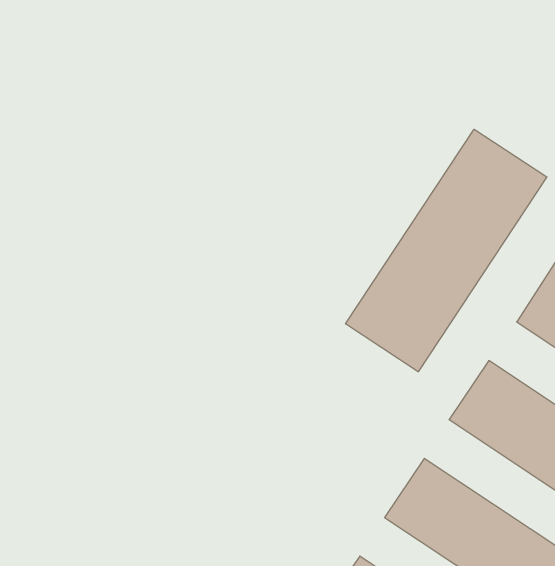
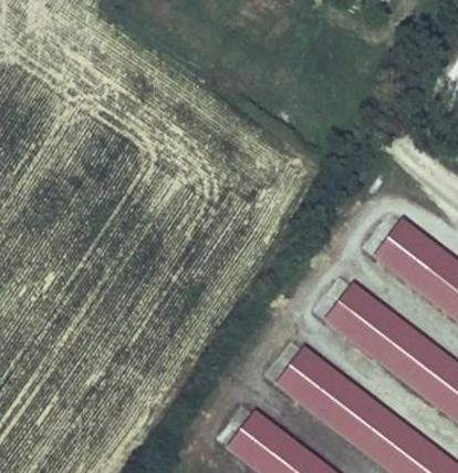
building: [346,129,547,372] -> none

